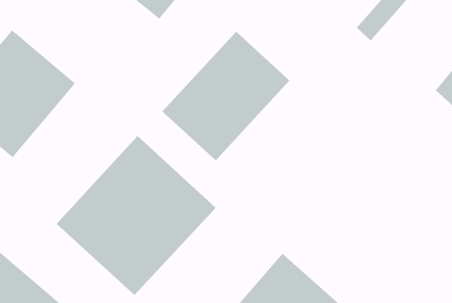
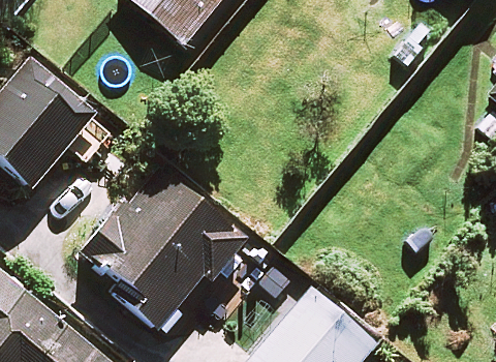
building: [162,31,290,161] -> none

